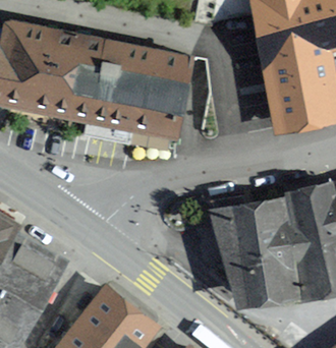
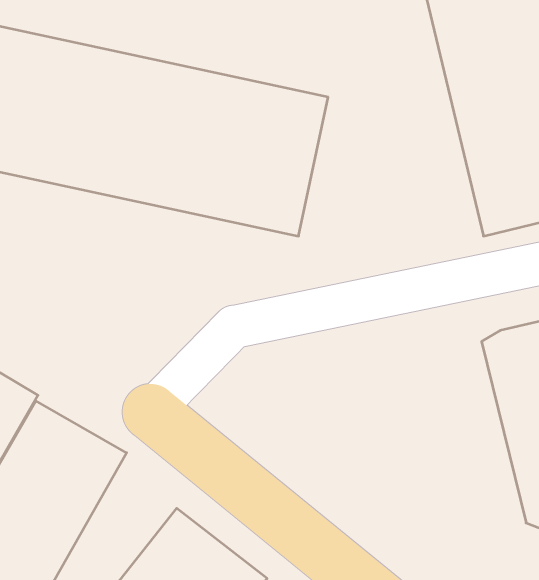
building: [206,195,300,311] -> none

